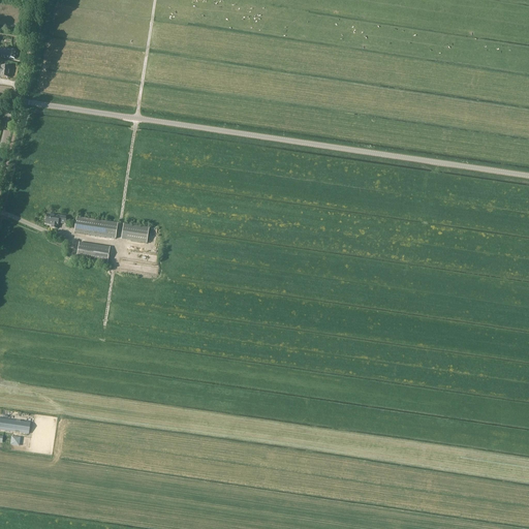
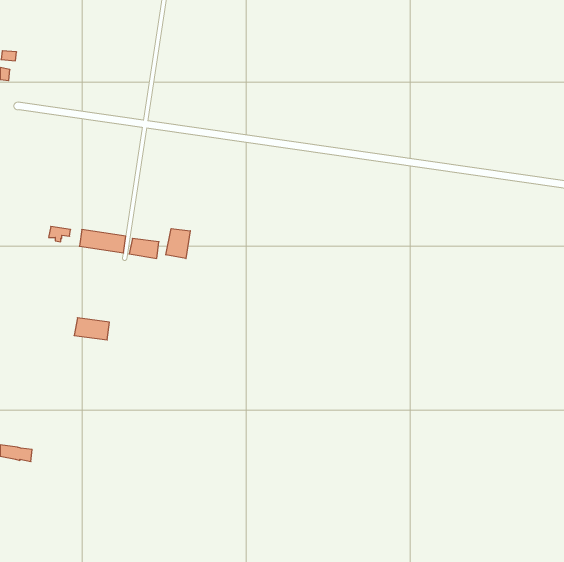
building: none -> [166,229,190,259]
building: [76,241,110,261] -> [74,318,109,340]

